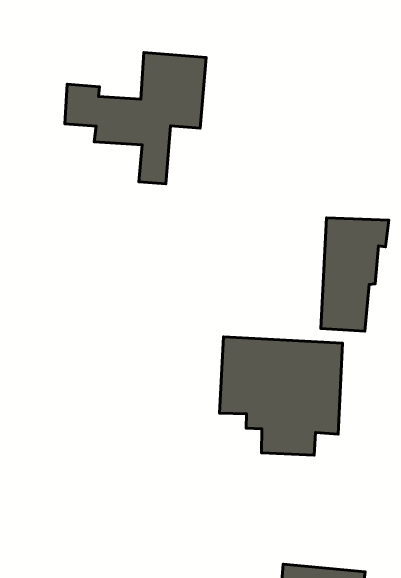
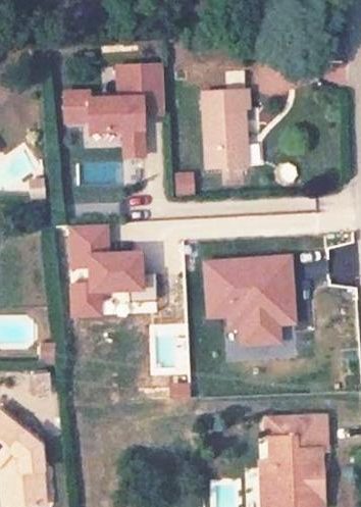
building: [321,218,389,331] -> [202,89,247,172]
building: none -> [72,225,141,313]

